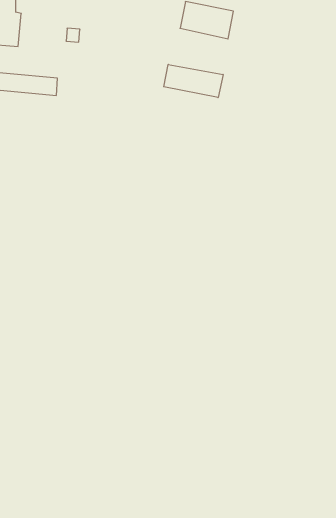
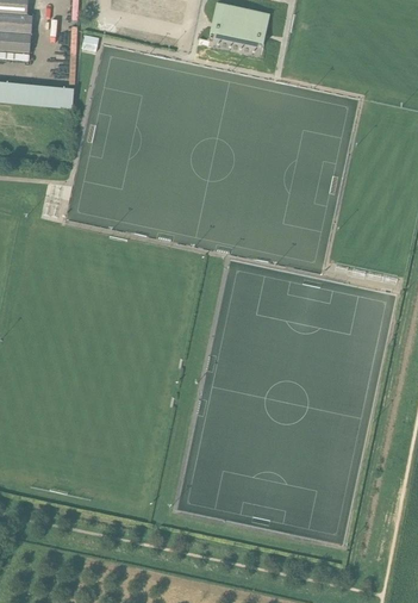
building: [164,64,223,98] -> none

